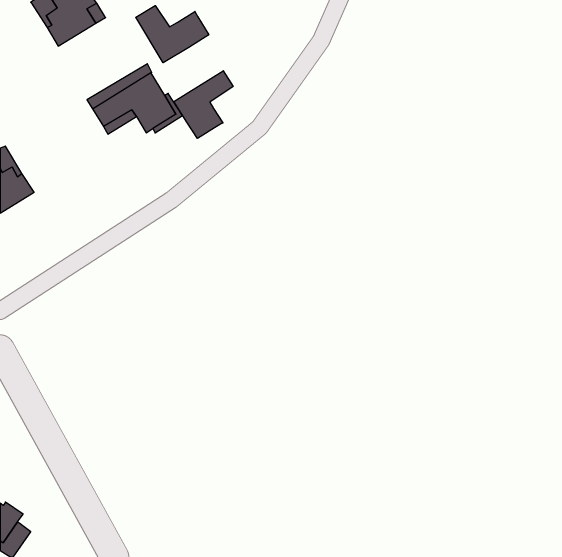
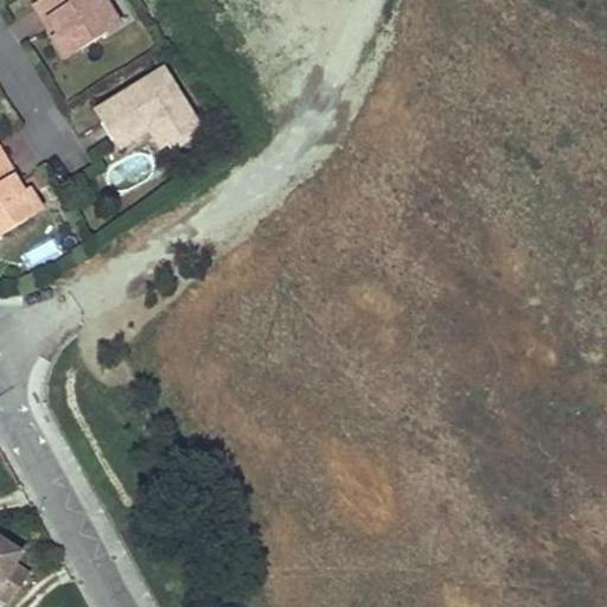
building: [136,6,209,63] -> none
building: [174,71,233,138] -> none

